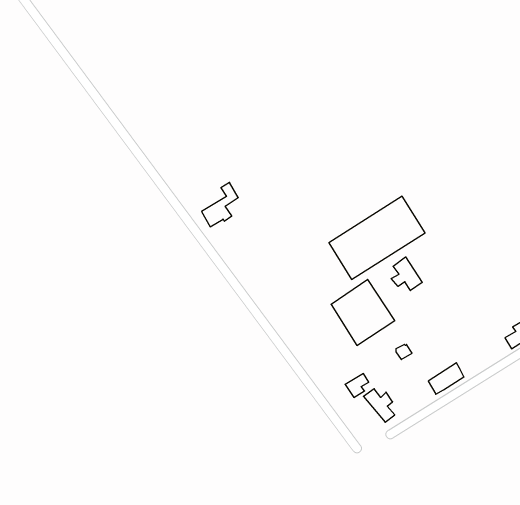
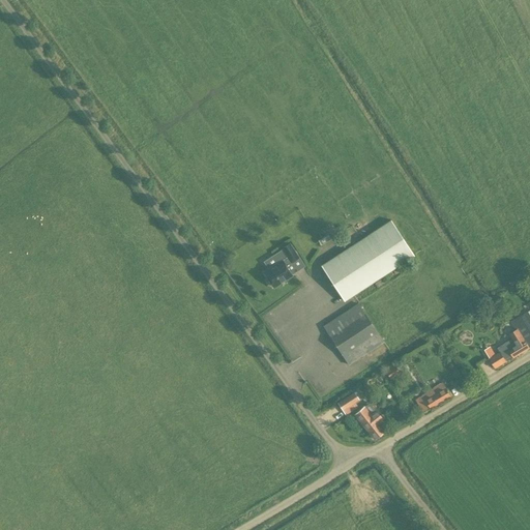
building: [202,182,238,227] -> [262,243,297,286]
building: [391,257,422,291] -> none

